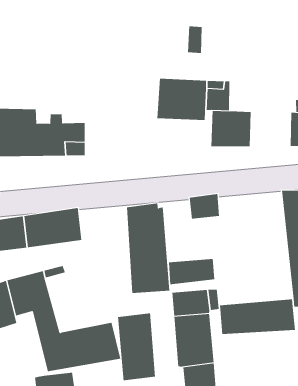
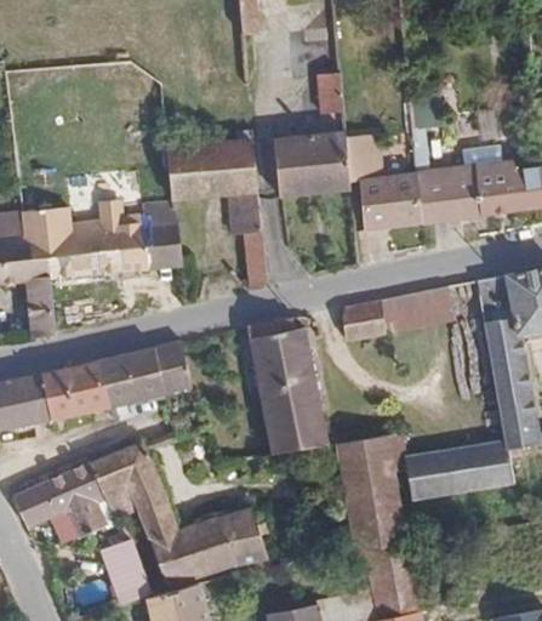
building: none -> [167,143,273,294]
building: none -> [415,165,477,222]
building: [168,258,215,285] -> [381,283,452,329]
building: [117,312,155,381] -> none
building: none -> [101,542,154,603]

